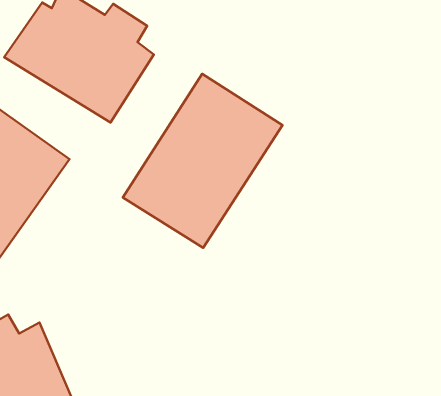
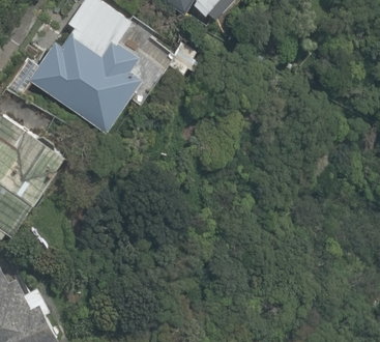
building: [123,74,283,248] -> none

